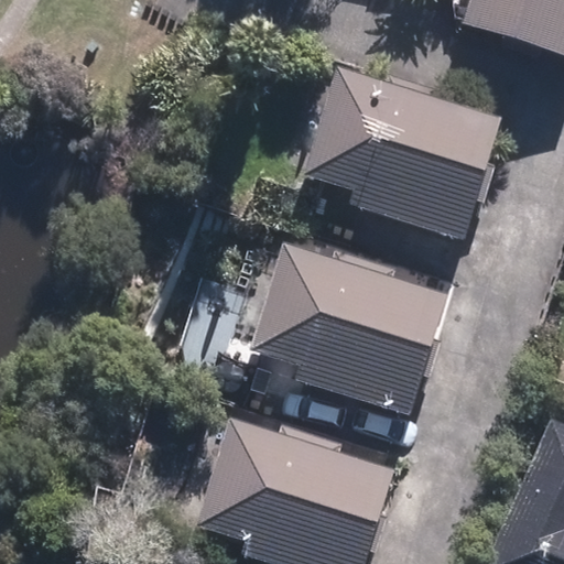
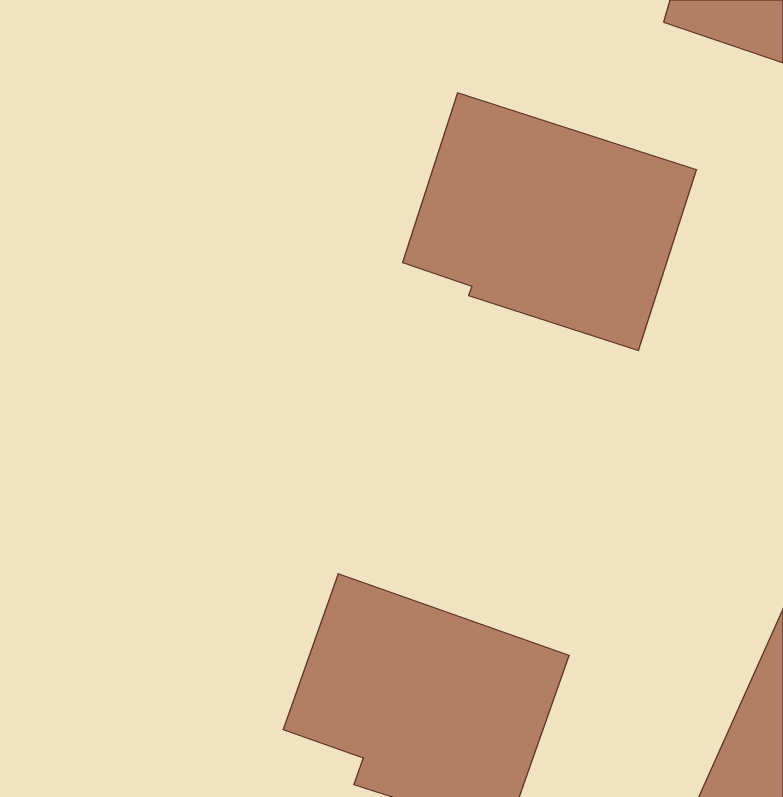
building: [254,238,452,415] -> none

